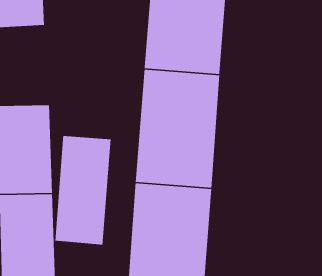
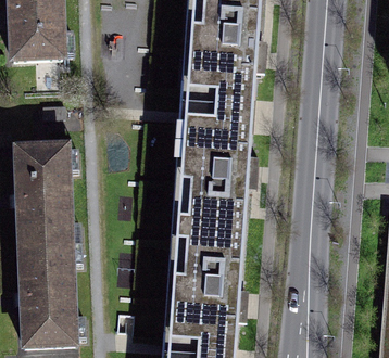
building: [54,135,111,246] -> none

